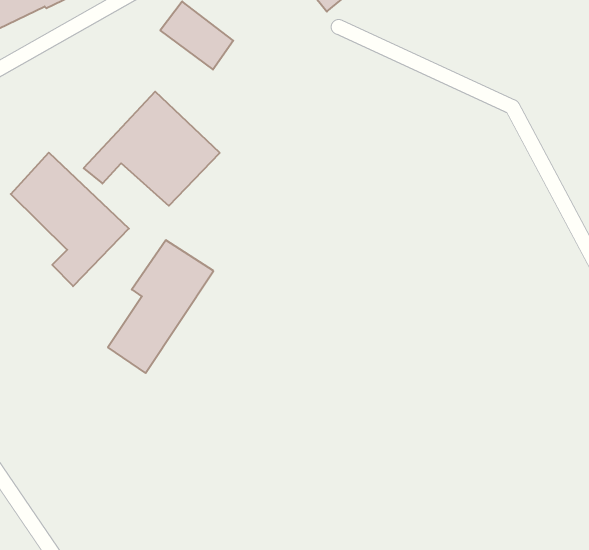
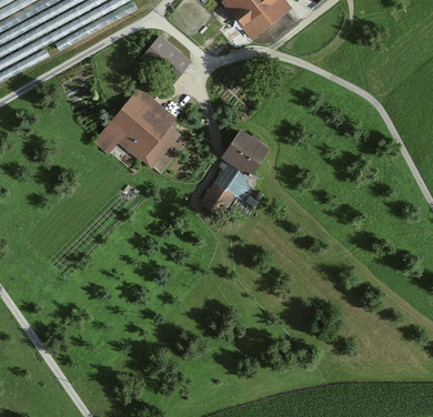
building: [11,153,129,286] -> none
building: [108,240,213,373] -> [202,130,271,216]

